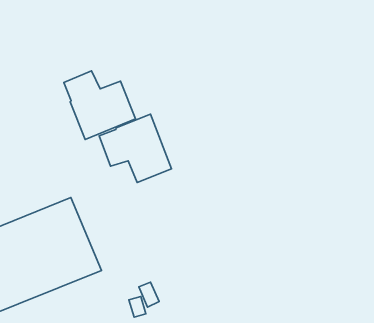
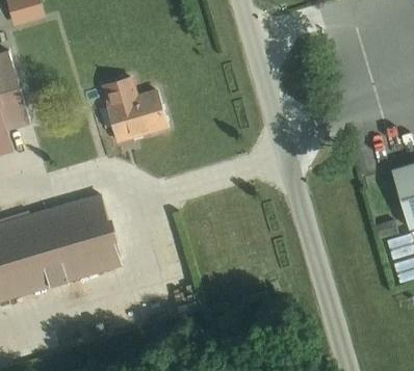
building: [99,114,171,182] -> none

